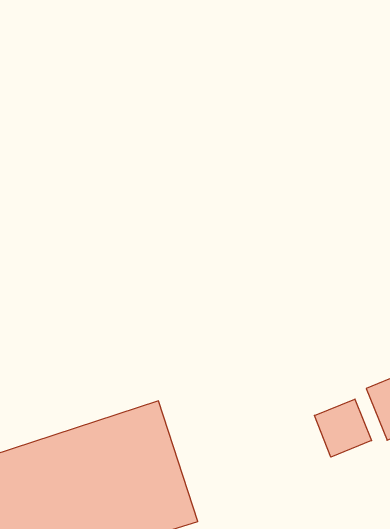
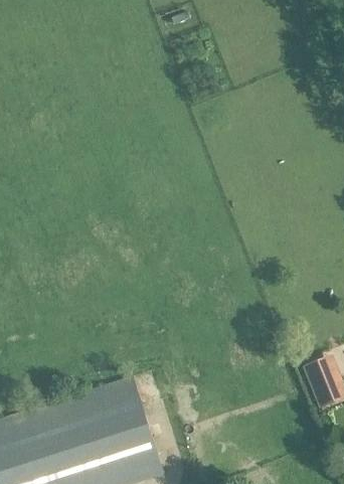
building: [314,399,372,457] -> none

